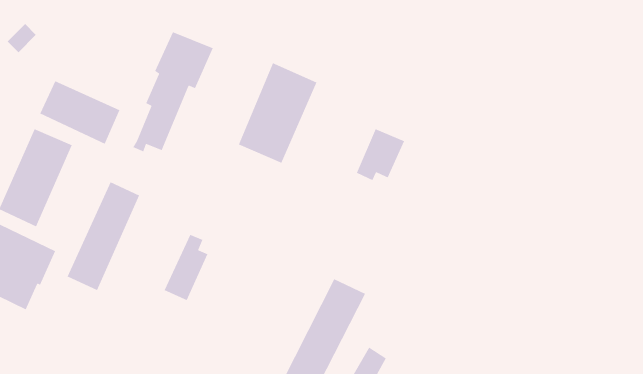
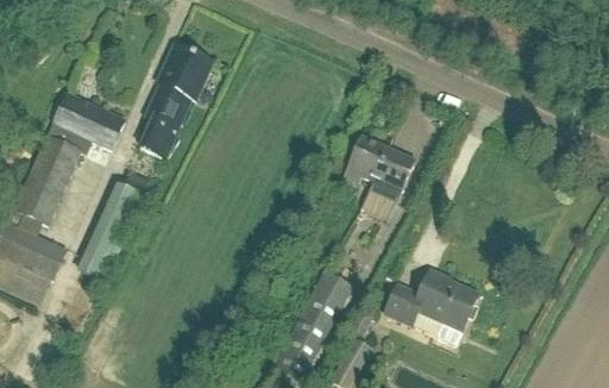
building: [238,62,317,164] -> none
building: none -> [372,146,415,201]
building: [164,234,209,301] -> none
building: none -> [384,267,477,343]

